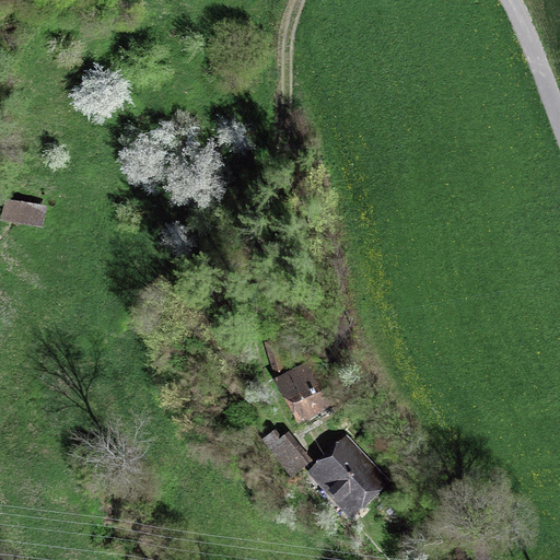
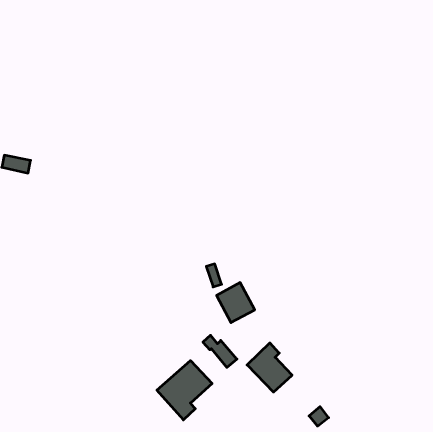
building: none -> [157,361,212,420]

